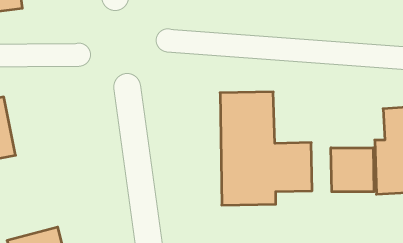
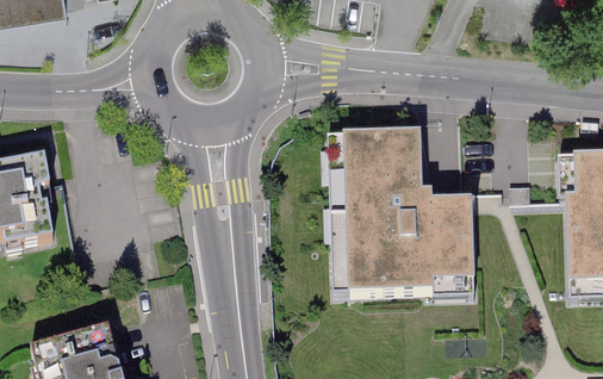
building: [331,148,374,192] -> none

